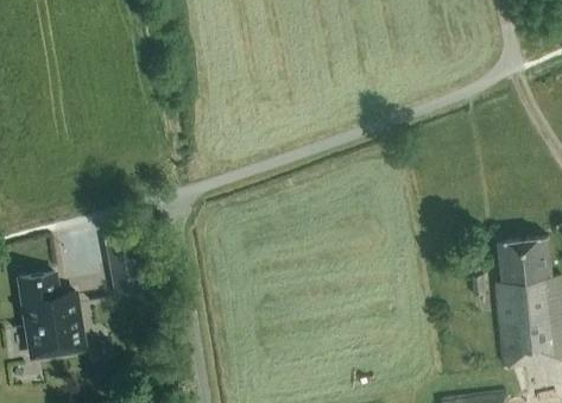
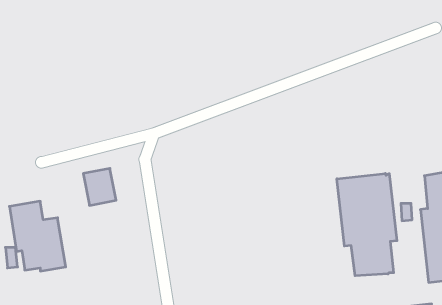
building: none -> [337,173,397,276]

